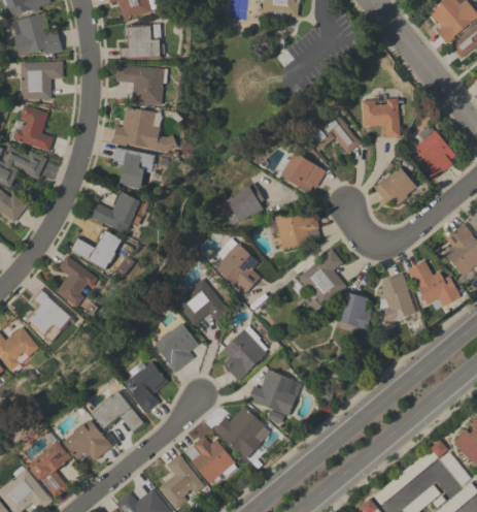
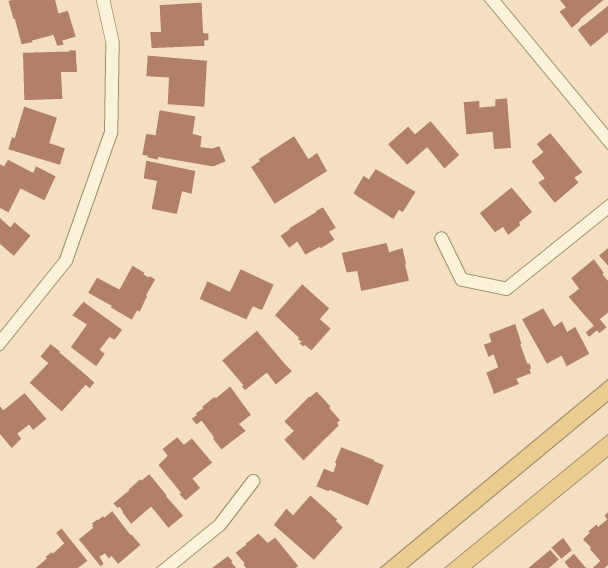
building: none -> [250,135,328,205]
building: [89,193,147,233] -> [199,269,275,320]
building: [299,249,346,306] -> none
building: [341,293,372,328] -> none

